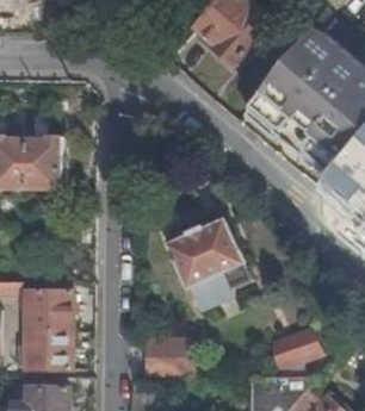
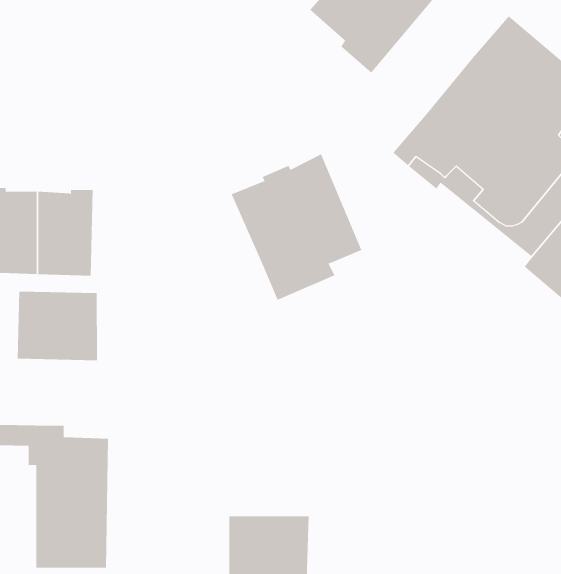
building: none -> [17,291,97,361]
building: [169,219,250,310] -> [231,154,362,300]
building: [274,325,323,367] -> none

